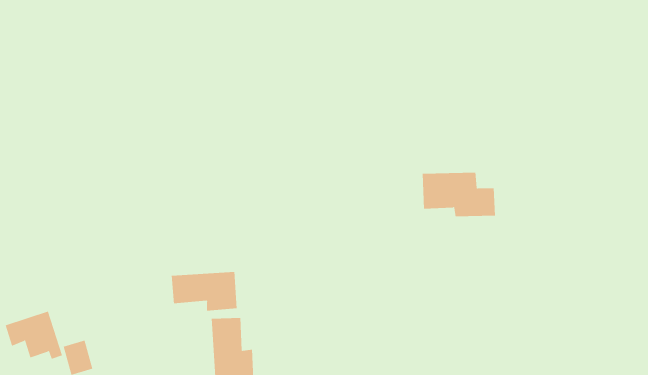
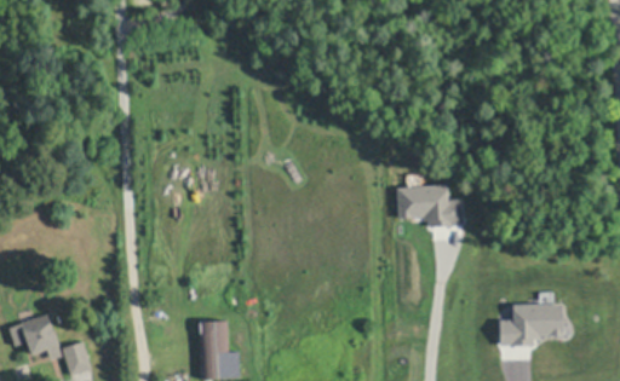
building: [171,271,237,311] -> none
building: none -> [494,305,557,346]

